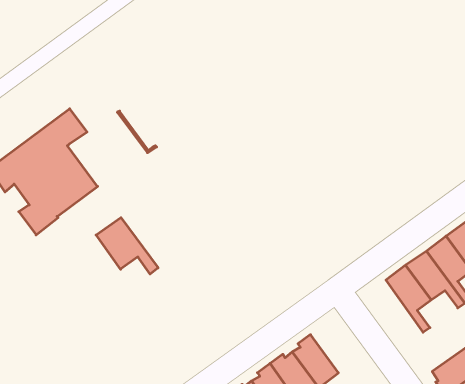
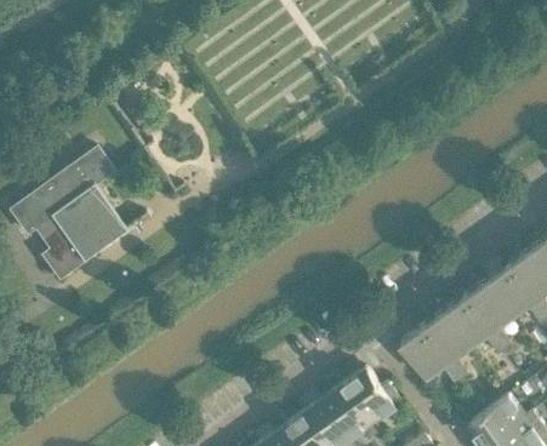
building: [96,218,158,274] -> none
building: none -> [400,325,462,385]
building: none -> [344,370,401,422]

